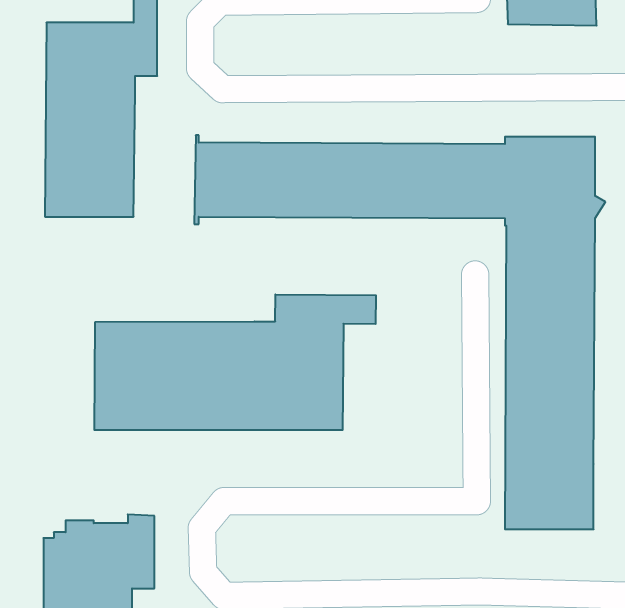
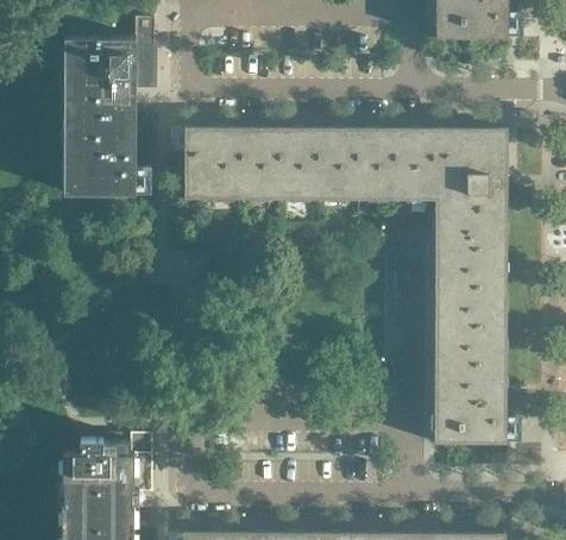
building: [94,294,376,430] -> none

